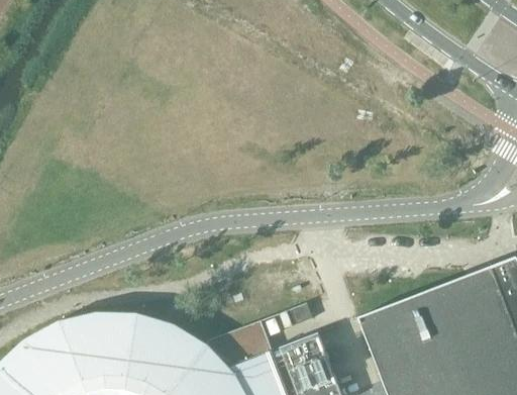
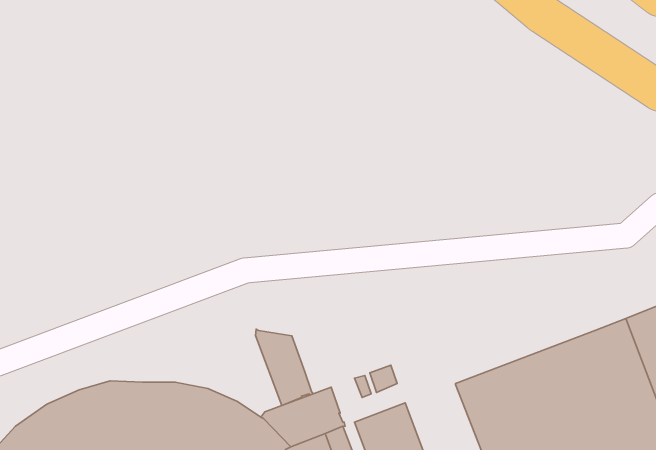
building: none -> [256,329,313,406]

